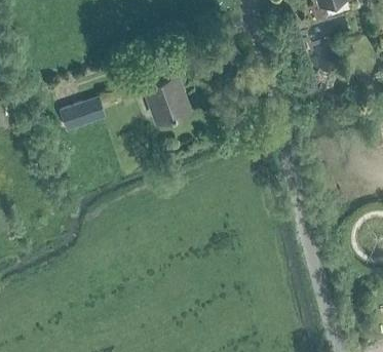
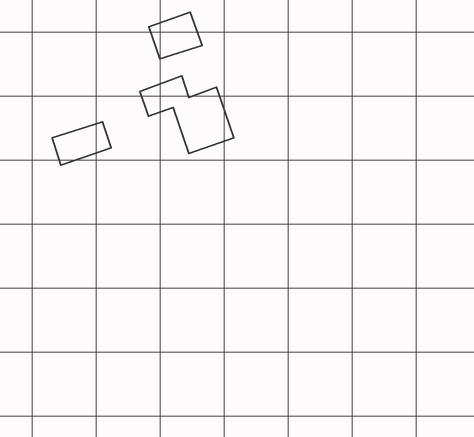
building: none -> [149,12,202,59]

